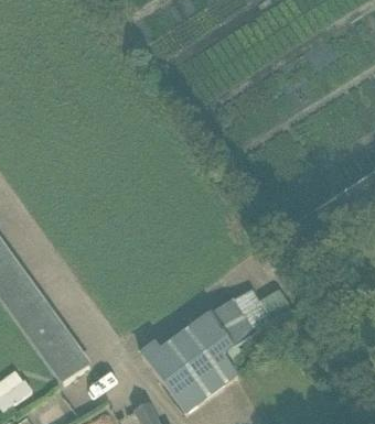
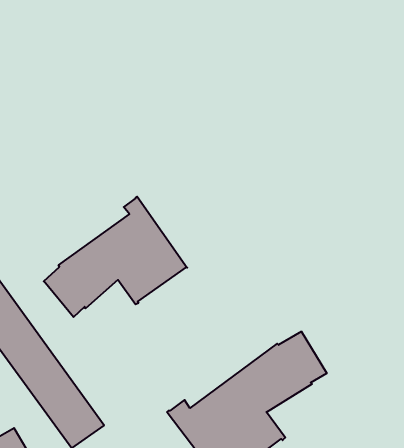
building: none -> [44,197,187,317]

